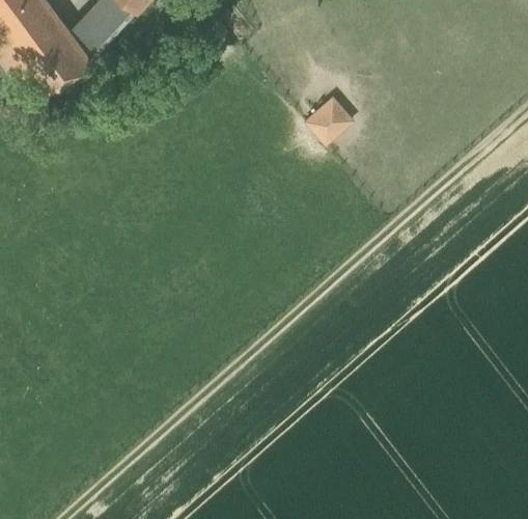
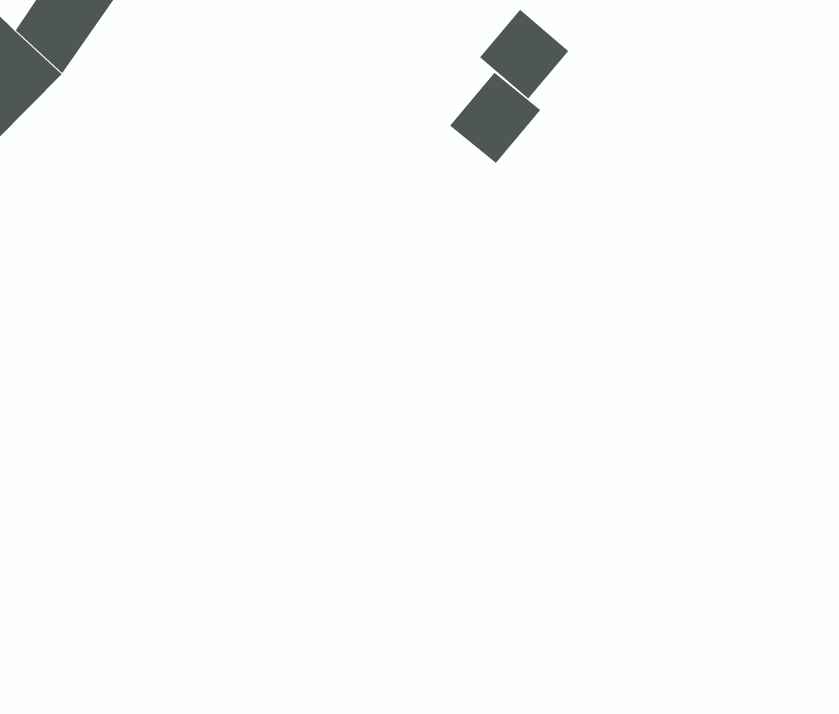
building: none -> [479,9,569,100]

